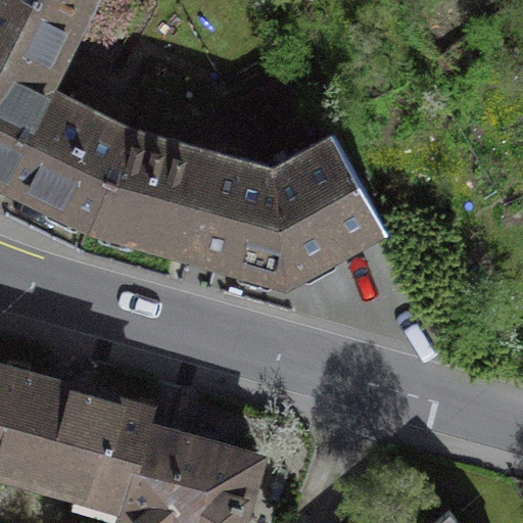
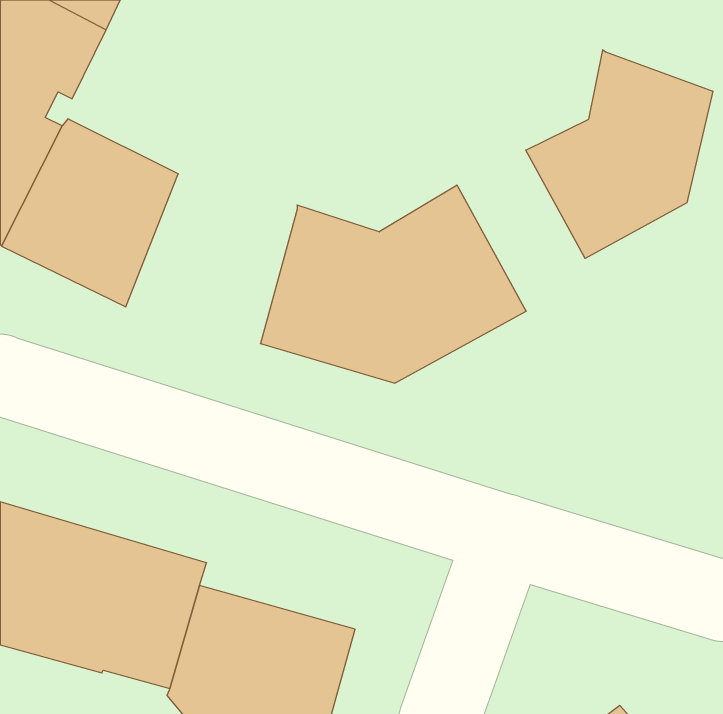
building: none -> [526,50,713,258]
building: [91,132,215,256] -> none

